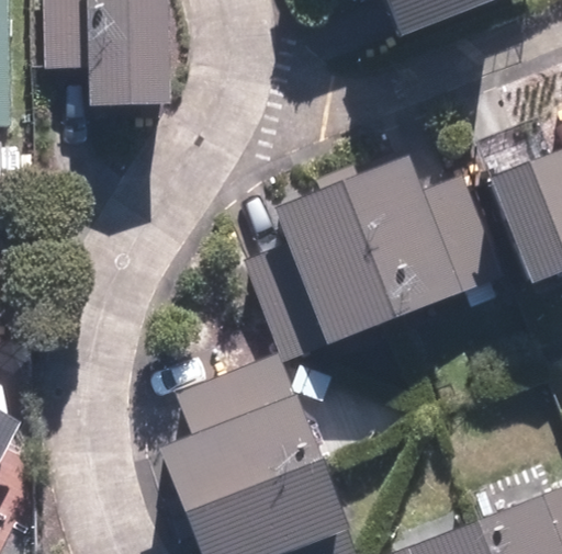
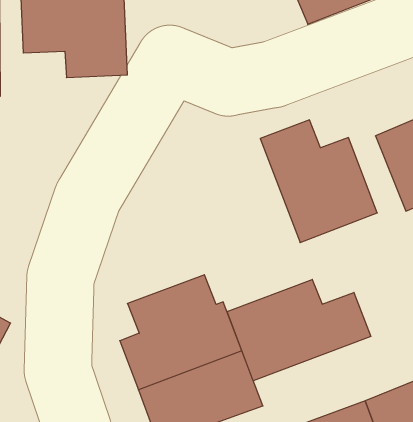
building: [241,180,397,360] -> none
building: none -> [227,279,371,381]

